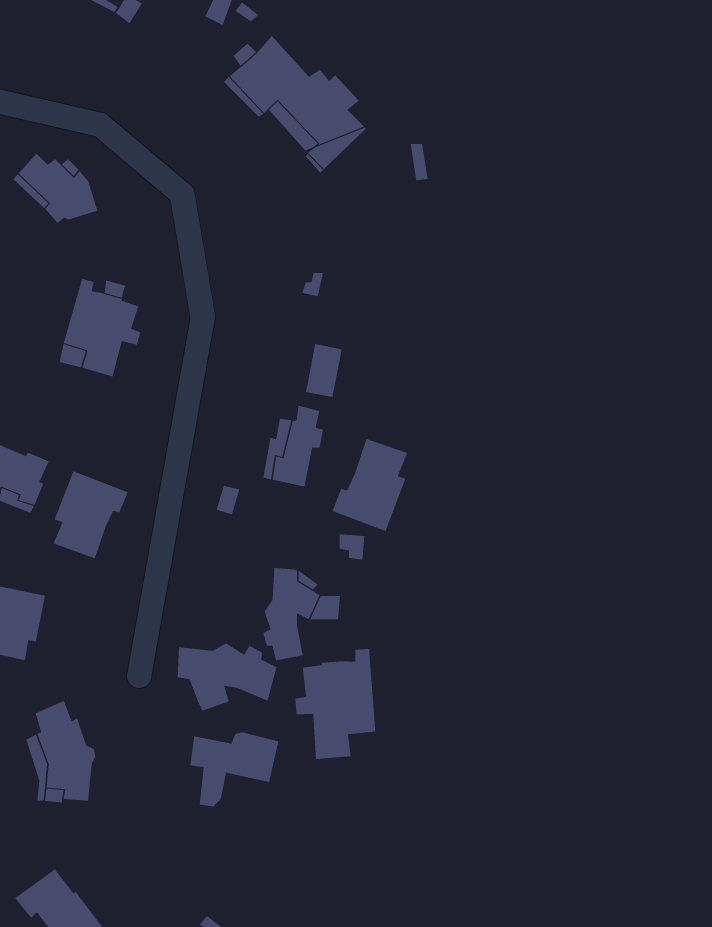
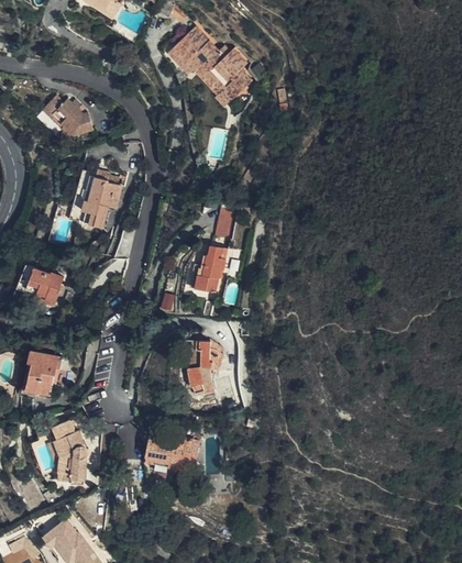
building: [332,438,408,532] -> none
building: [53,471,128,559] -> none
building: [177,643,277,711] -> none
building: [295,648,376,760] -> none

